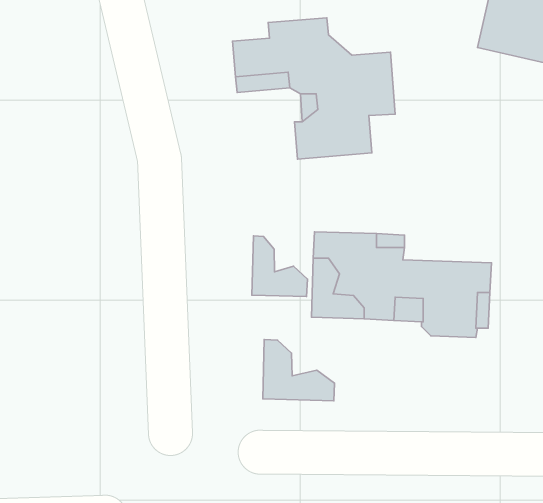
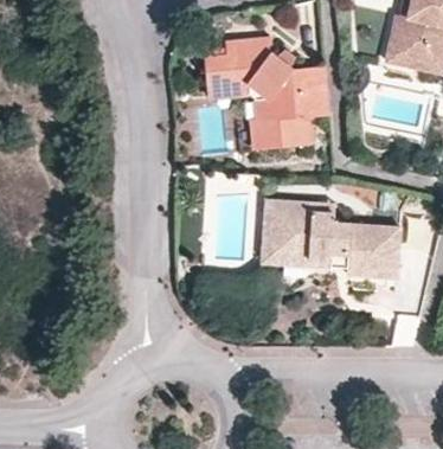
building: [252,236,307,296] -> none
building: [263,339,335,401] -> none

